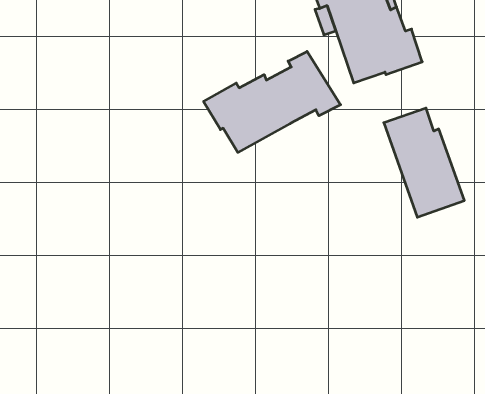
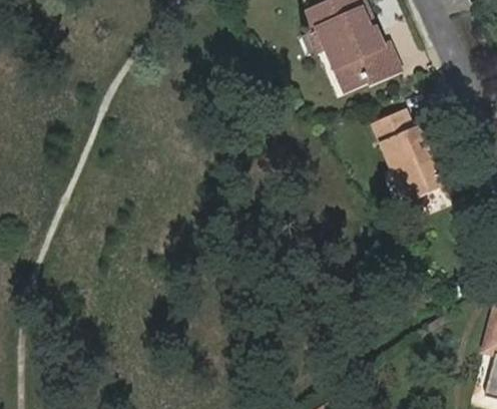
building: [204,51,341,152] -> none

